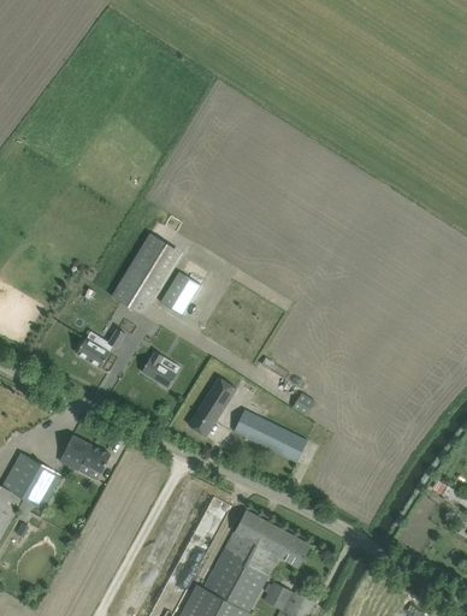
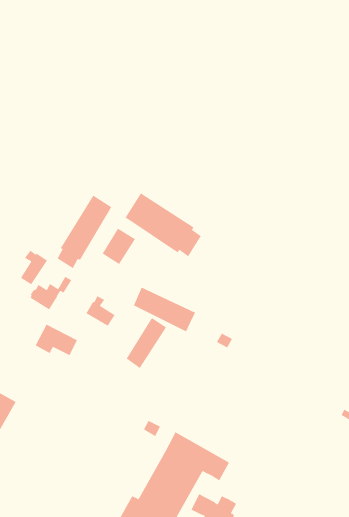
building: none -> [125,193,202,257]
building: none -> [20,250,48,285]
building: [234,410,307,463] -> [133,287,196,332]
building: [59,436,110,473] -> [35,324,78,356]

